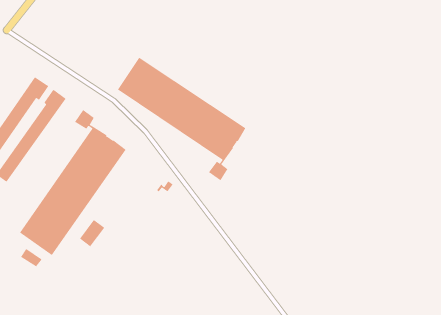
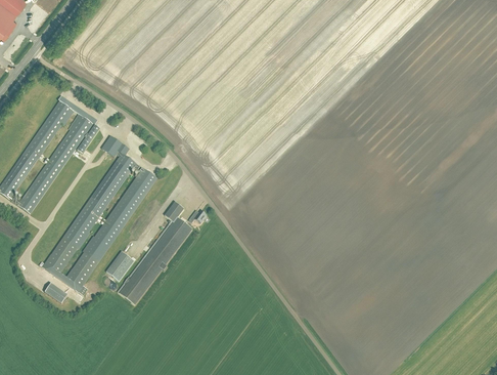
building: [117,57,246,181] -> none
building: none -> [117,202,191,305]

